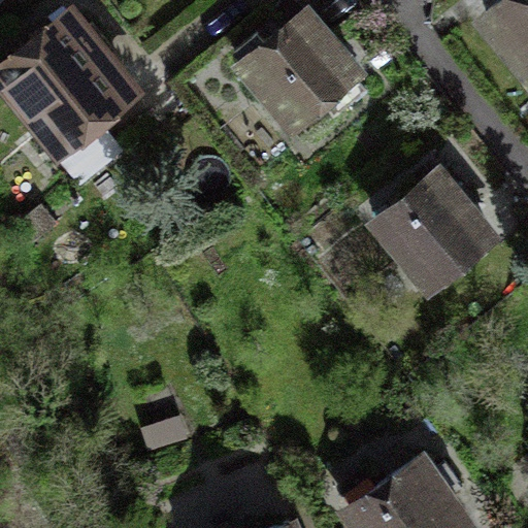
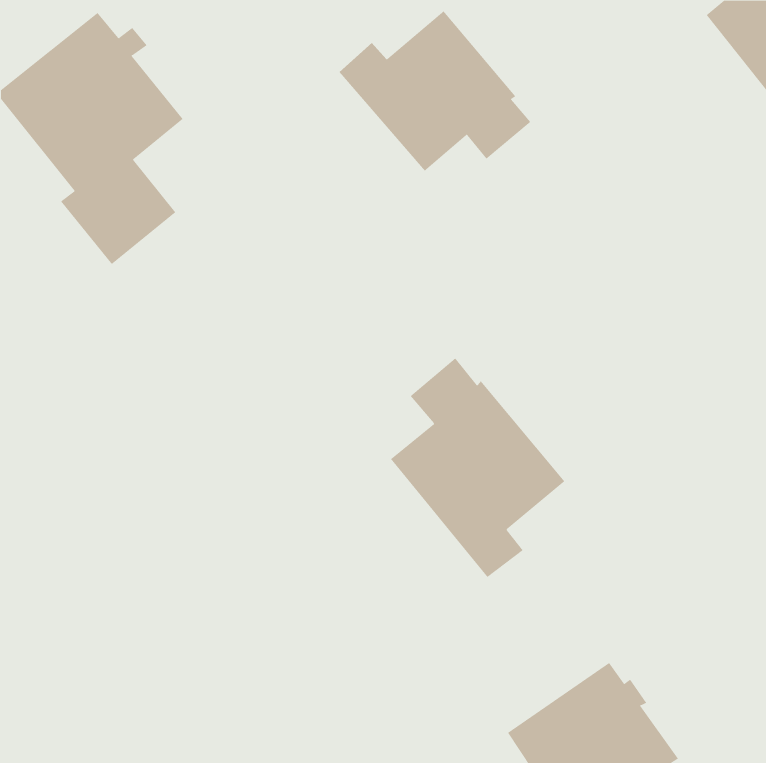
building: [378,172,491,285] -> none
building: none -> [390,358,565,578]

